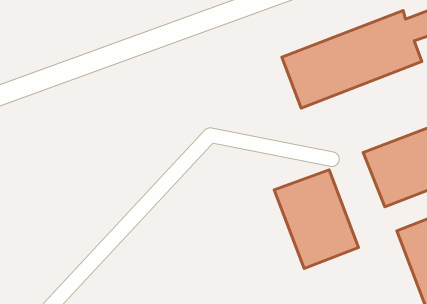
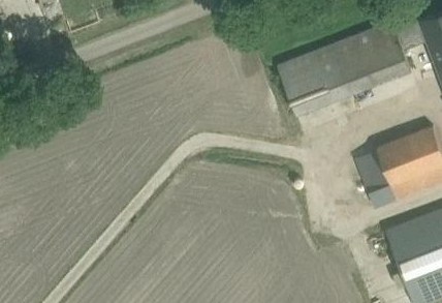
building: [274,170,359,268] -> none

